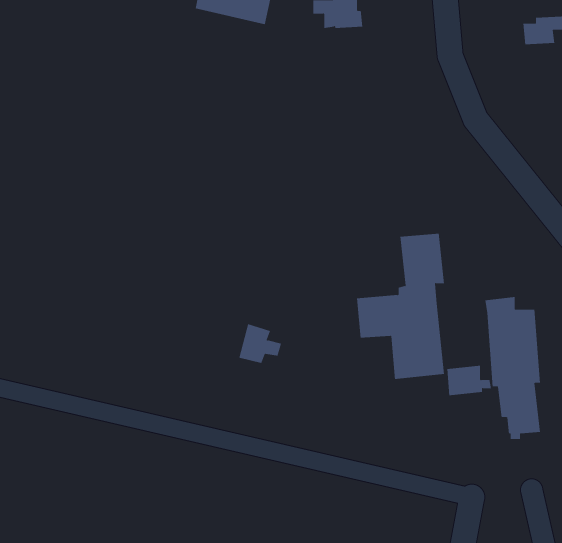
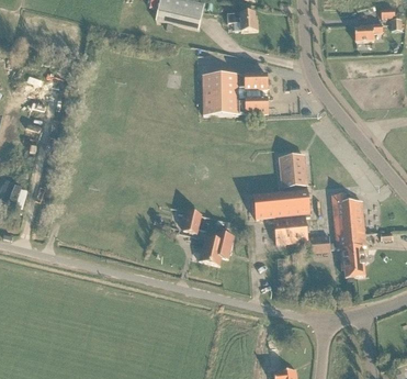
building: none -> [203,71,268,114]
building: none -> [199,232,234,264]

